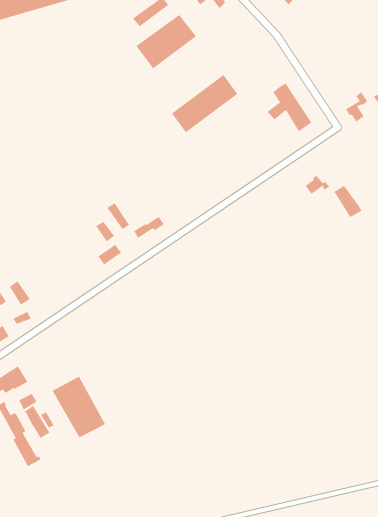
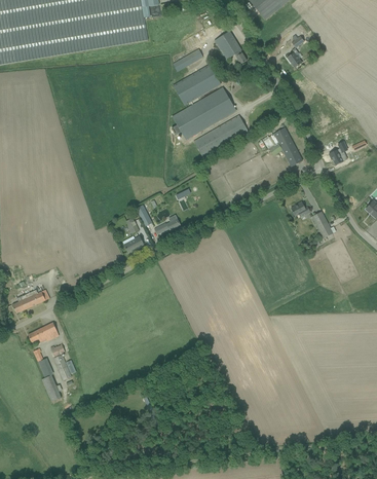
building: none -> [173,86,236,139]
building: [52,376,106,438] -> none

